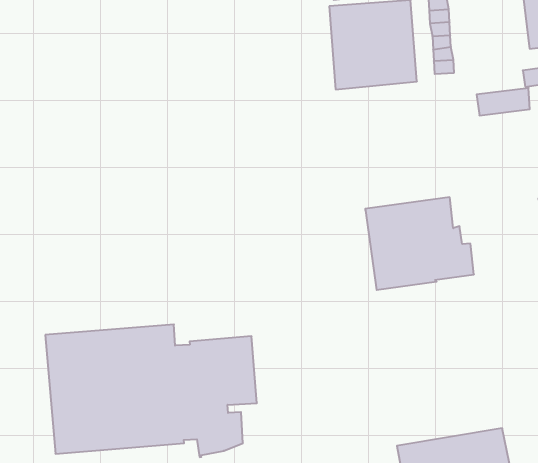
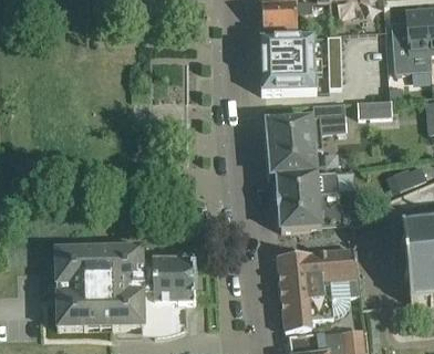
building: none -> [266,113,345,174]
building: none -> [277,246,358,330]

